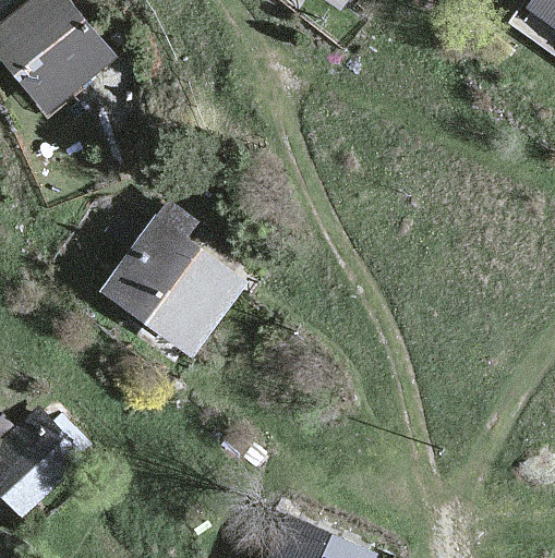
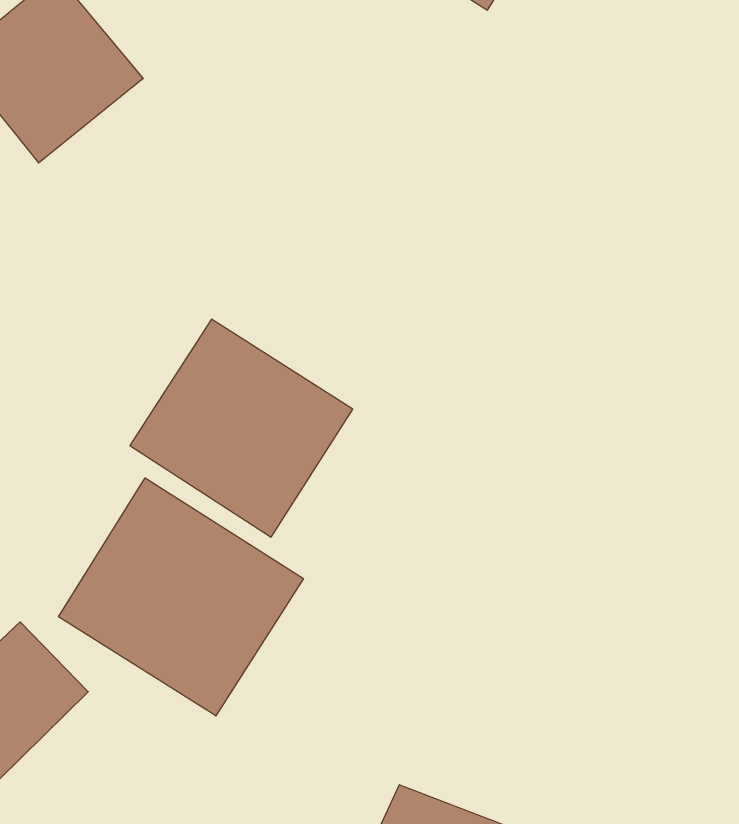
building: none -> [59,478,303,716]

